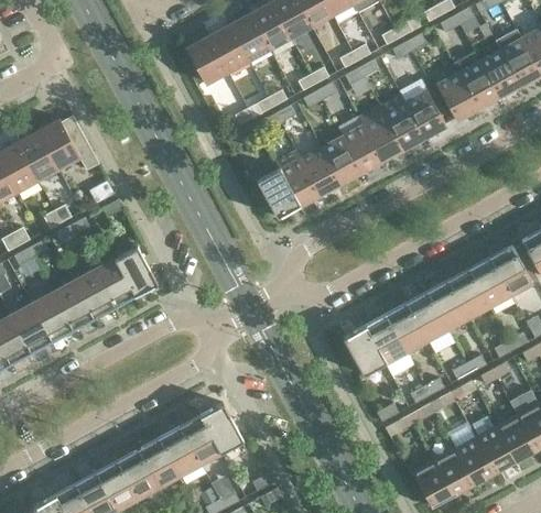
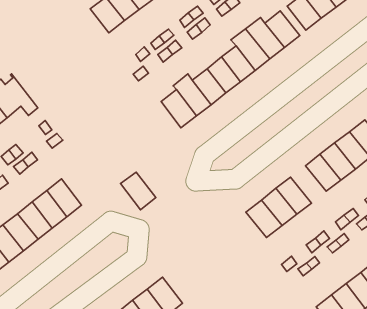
building: [115,247,156,295] -> [121,172,156,210]
building: [405,292,447,340] -> none

